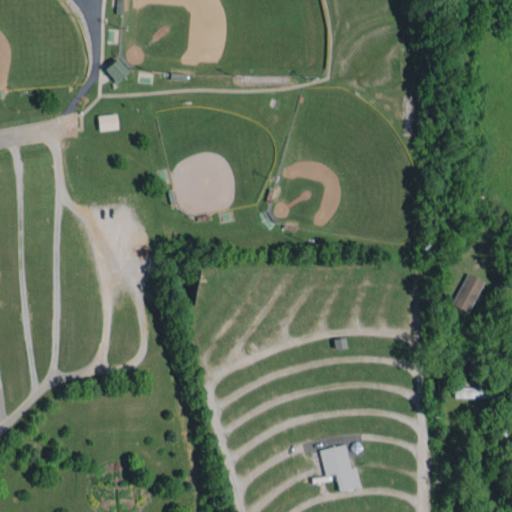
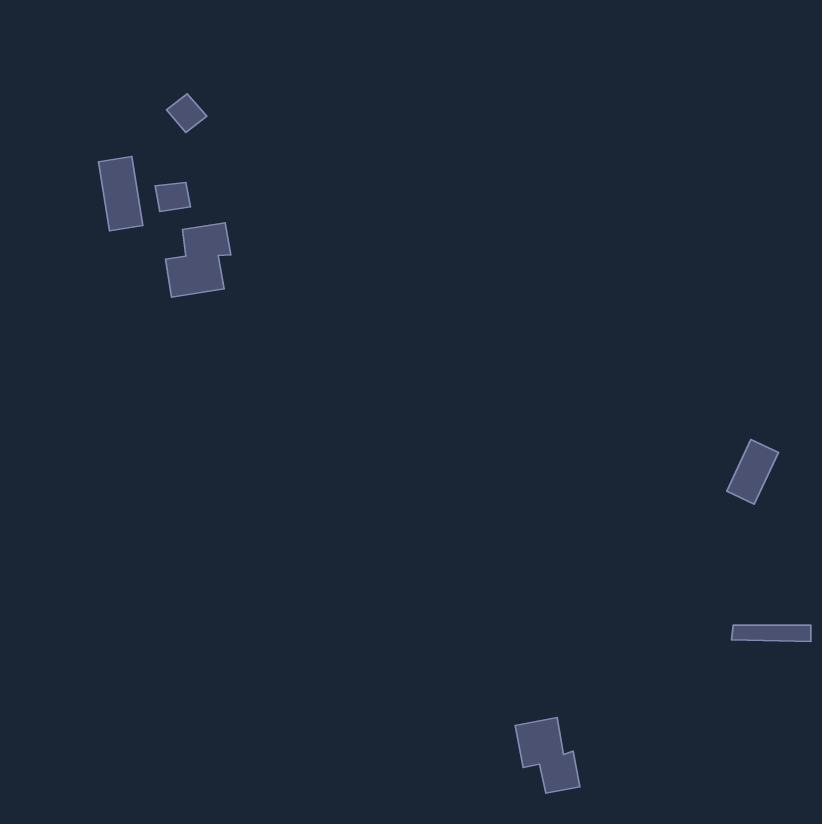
building: none -> [99,157,143,231]
building: none -> [165,223,231,297]

